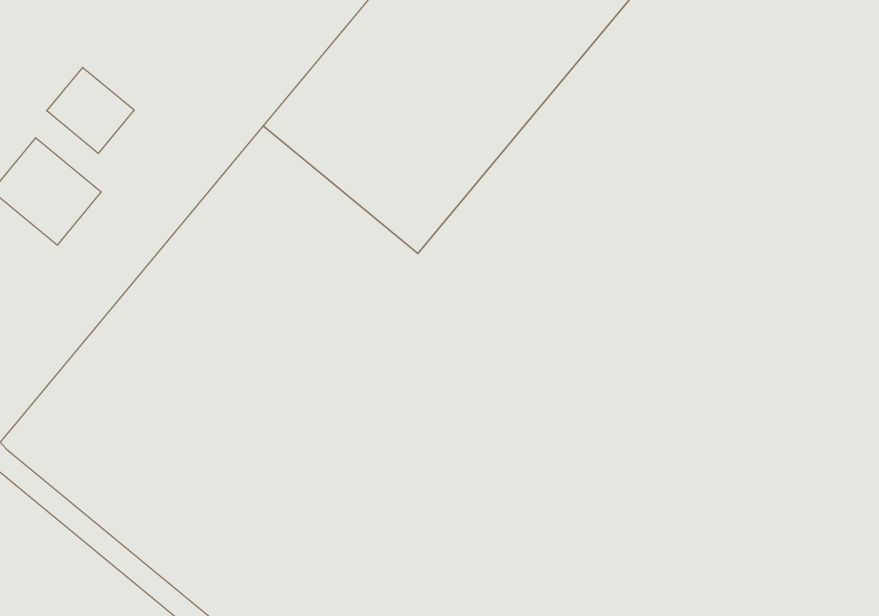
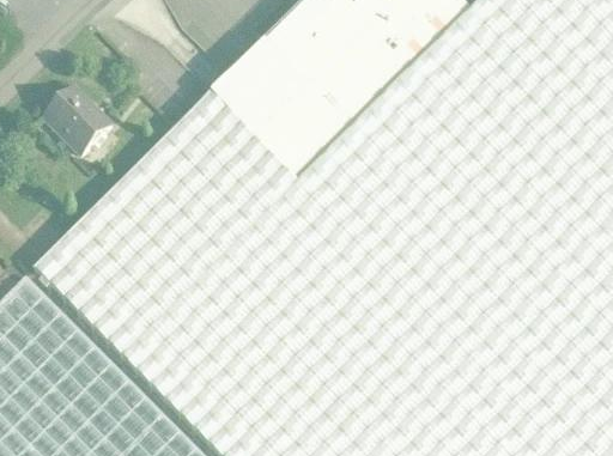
building: [47,67,134,153] -> none

